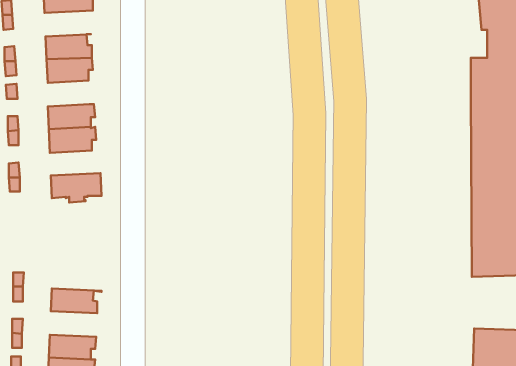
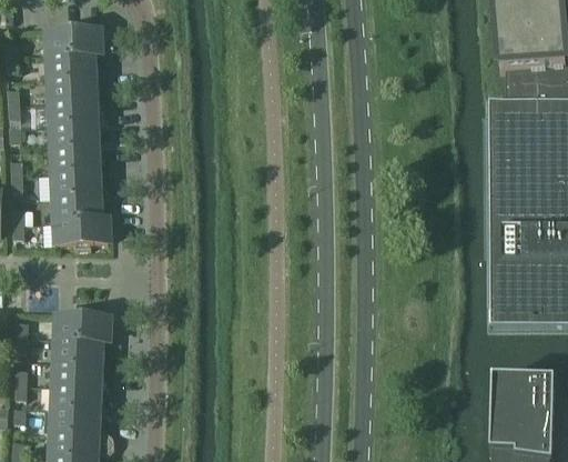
building: none -> [49,50,100,77]
building: none -> [52,122,100,149]
building: none -> [54,194,106,220]
building: none -> [57,313,108,339]
building: none -> [54,360,103,386]

